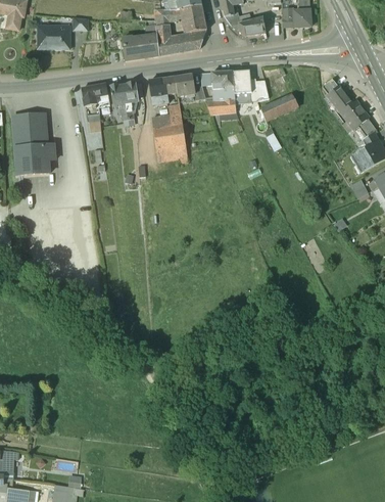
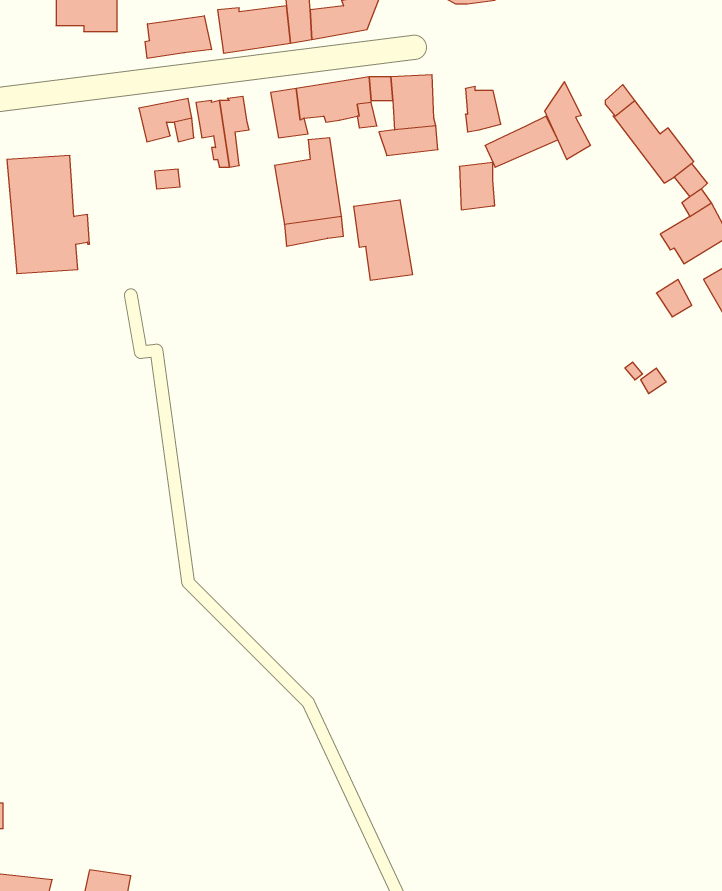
building: none -> [145,16,212,58]
building: [233,70,251,94] -> [459,162,495,210]
building: none -> [545,82,590,160]
building: none -> [354,200,412,280]

